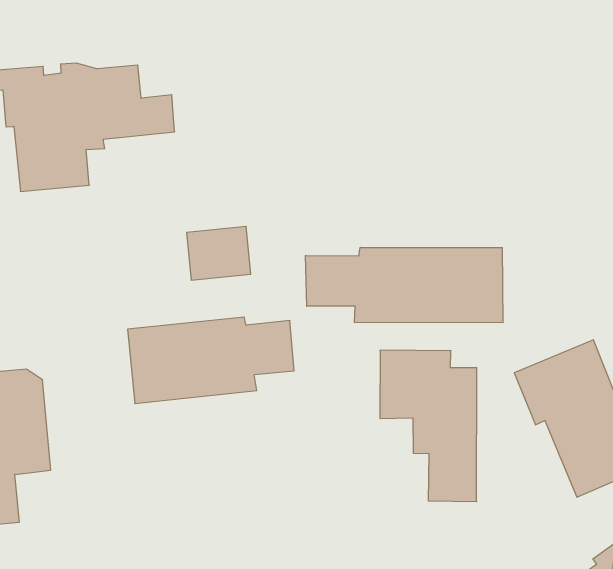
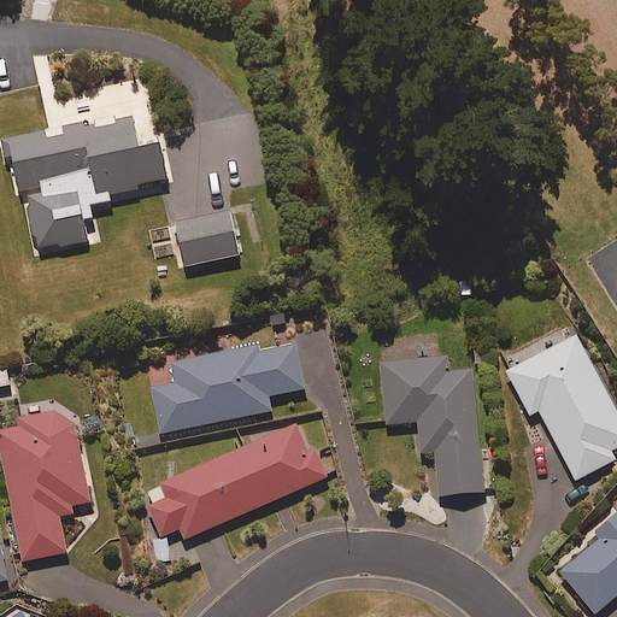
building: [187,226,251,280] -> [175,211,237,265]
building: [306,247,503,323] -> none
building: none -> [147,423,327,559]

